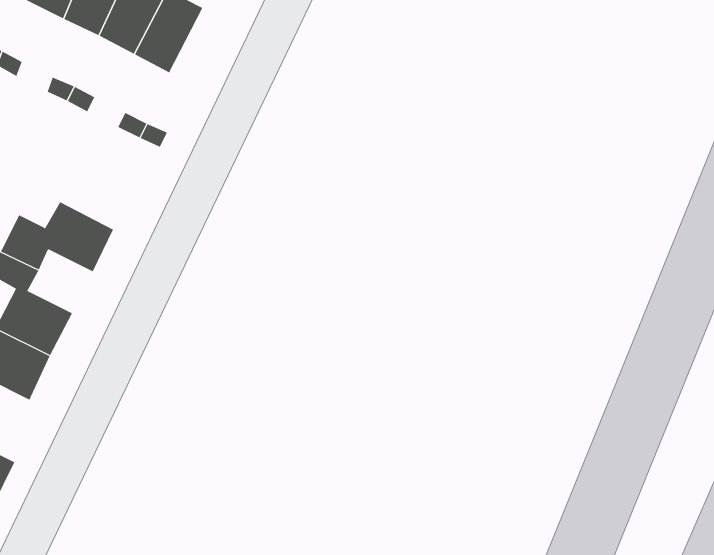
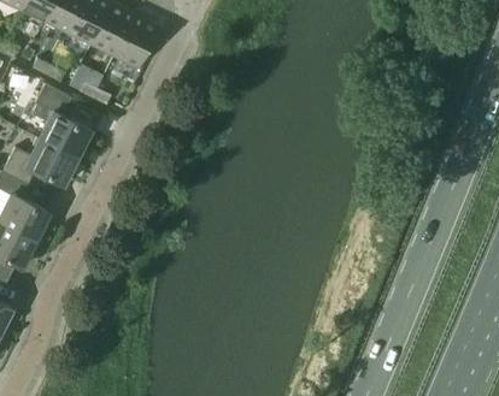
building: none -> [113,14,160,69]
building: none -> [33,84,92,158]

